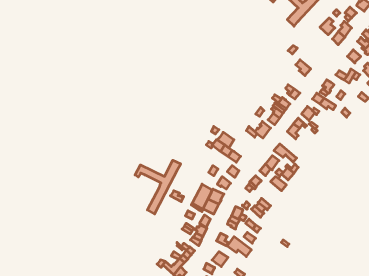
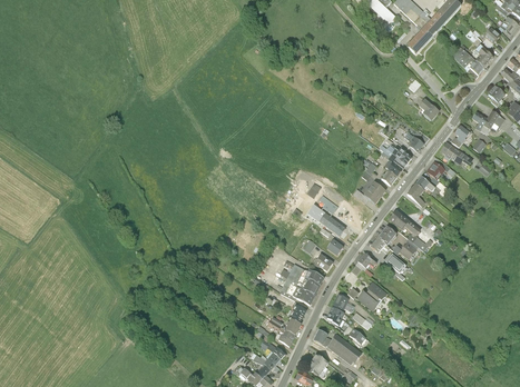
building: [135,160,181,214] -> none

